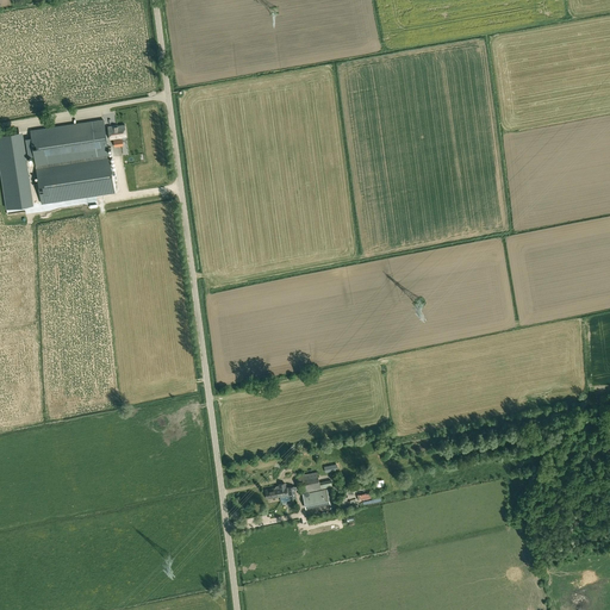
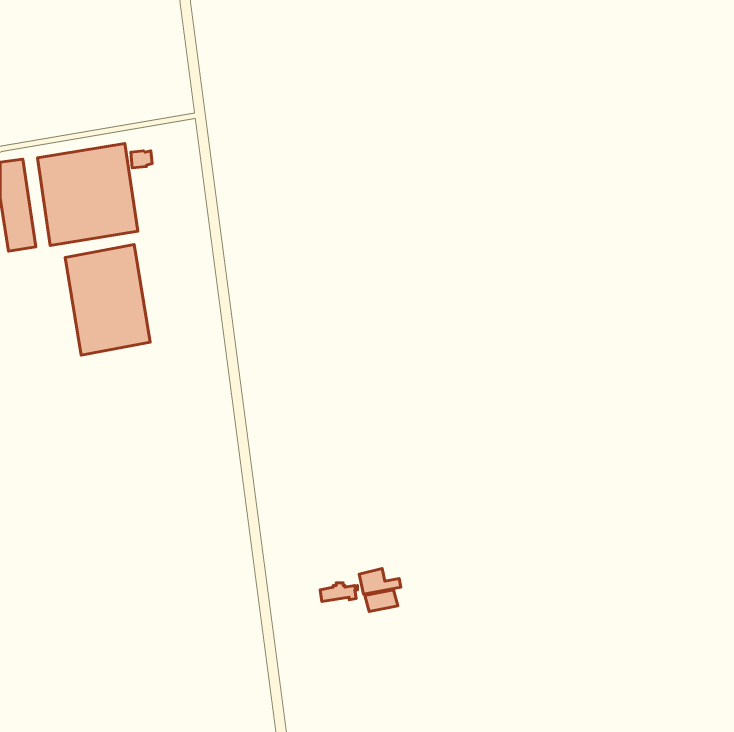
building: none -> [65,244,150,355]

